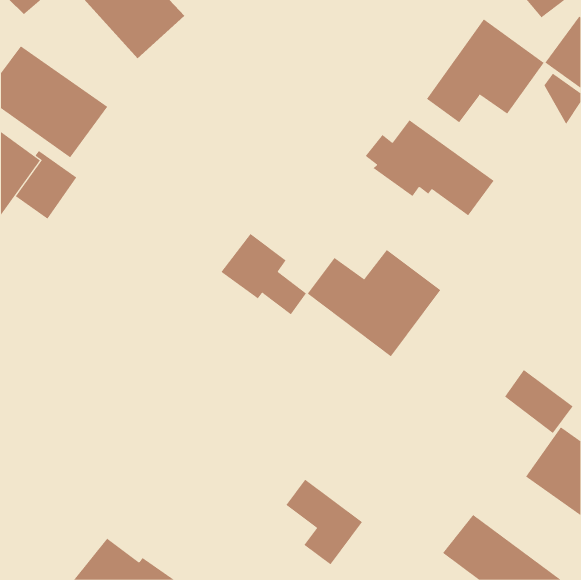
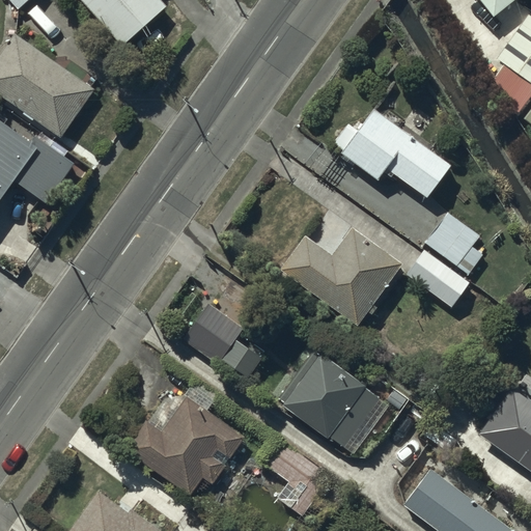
building: [426,18,545,123] -> none
building: none -> [423,212,483,275]
building: [221,233,307,315] -> [183,303,261,378]
building: [504,369,573,434] -> [407,248,470,307]
building: none -> [281,353,380,447]
building: none -> [127,387,245,495]

